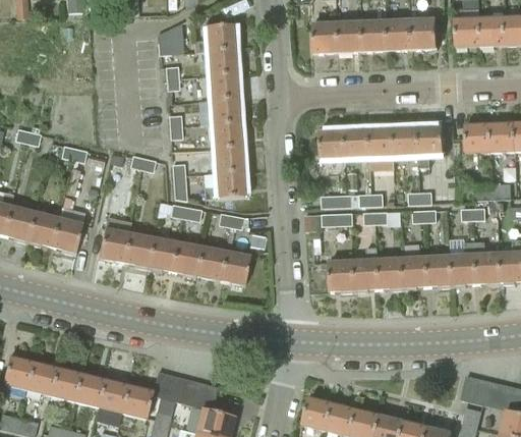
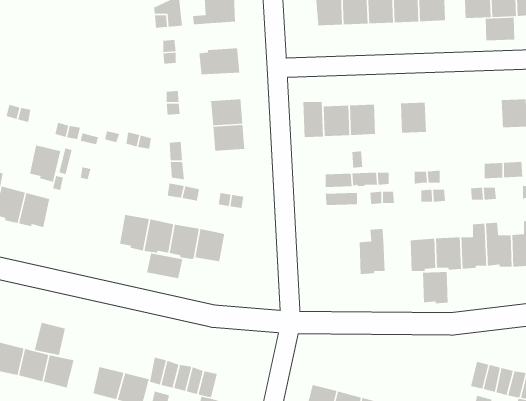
building: none -> [485,17,515,41]
building: [208,49,238,75] -> none
building: [202,98,241,124] -> none
building: [465,123,491,152] -> none
building: [418,124,445,167] -> none
building: none -> [303,101,324,138]
building: [369,126,395,157] -> none
building: [204,171,246,200] -> none
building: [52,218,83,255] -> [29,145,62,183]
building: [99,228,129,262] -> none
building: [221,251,250,284] -> none
building: [379,258,404,289] -> [422,271,449,304]
building: [329,260,355,292] -> none
building: none -> [146,252,183,279]
building: [74,373,105,405] -> [34,322,66,356]

